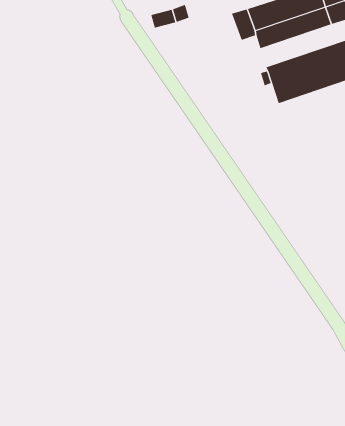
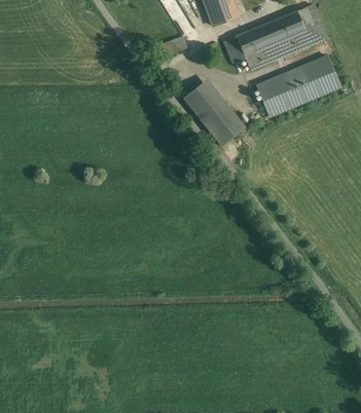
building: none -> [182,78,244,146]

